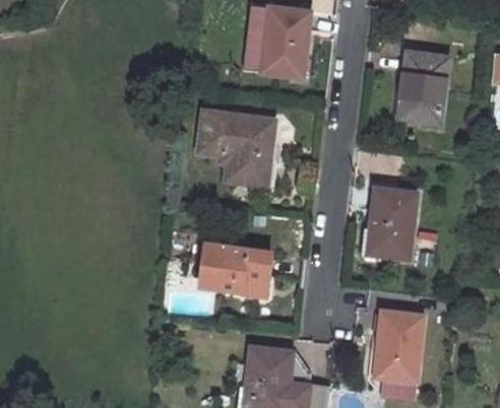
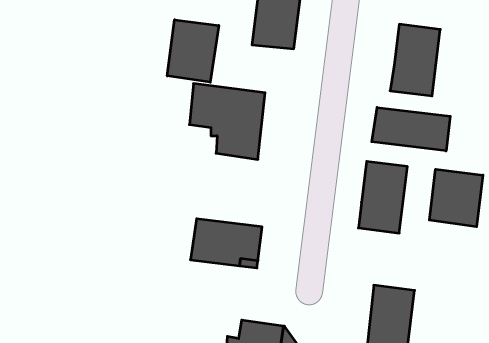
building: none -> [167,20,219,82]
building: none -> [372,107,450,151]
building: none -> [429,169,483,227]

